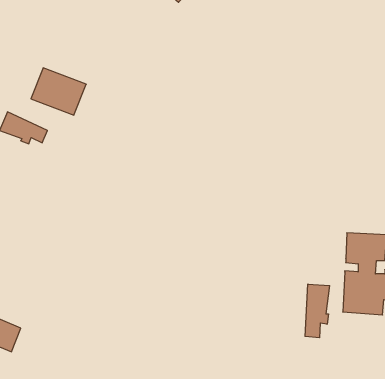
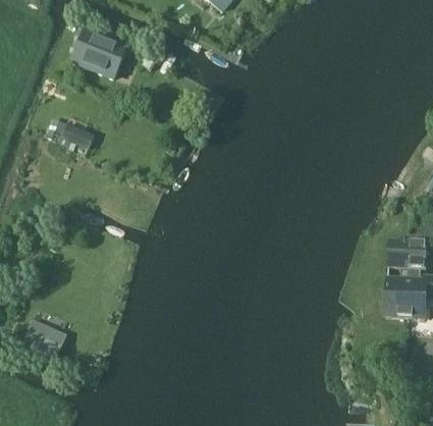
building: [31,68,86,115] -> [70,30,125,76]
building: [305,284,330,338] -> none

